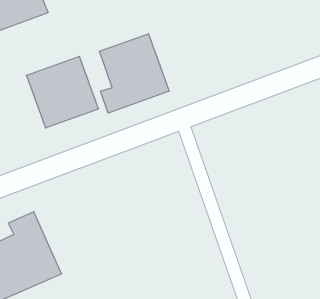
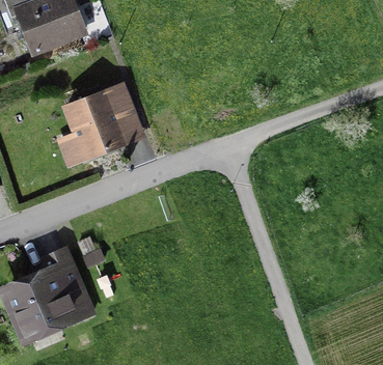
building: [100,34,169,113] -> none

